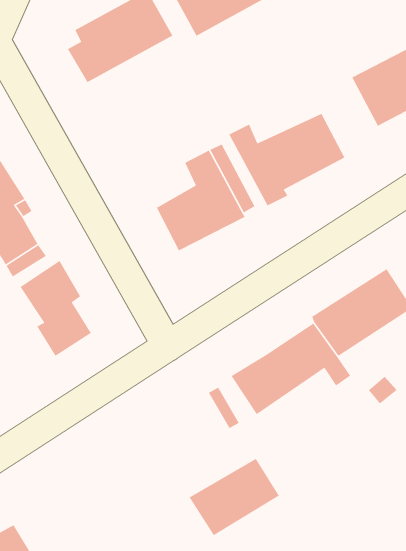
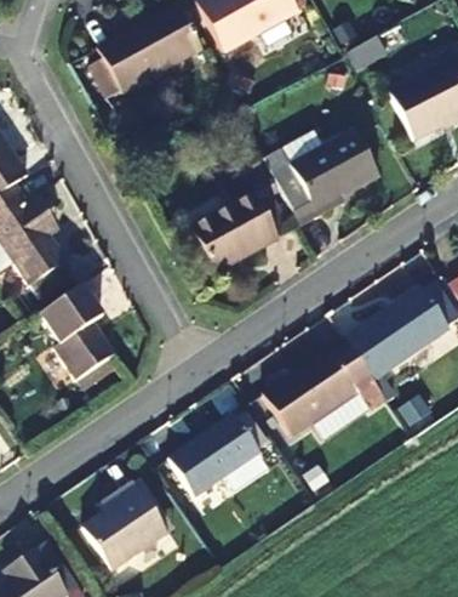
building: none -> [80,483,164,568]
building: [189,458,280,536] -> [162,416,256,496]

